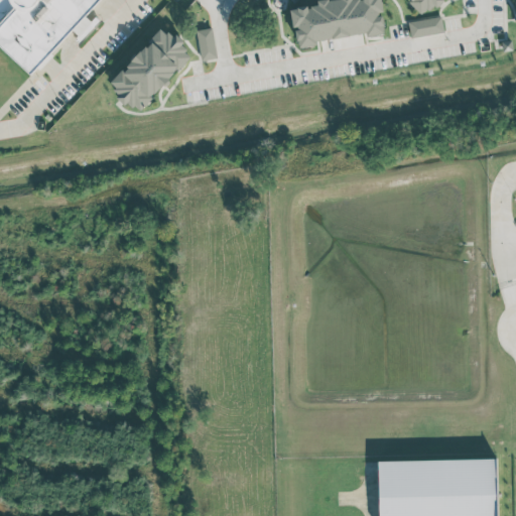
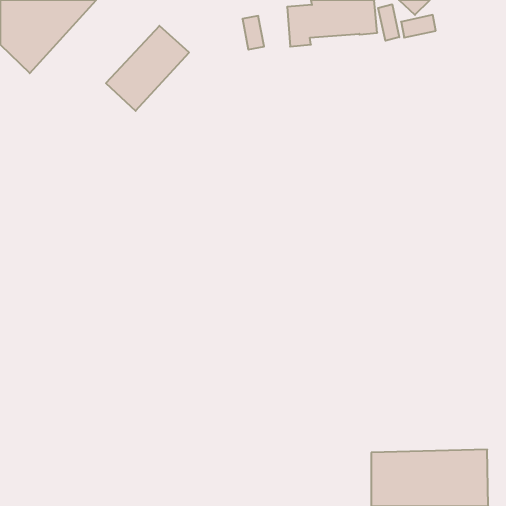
building: none -> [378,4,399,41]
building: [196,26,218,60] -> [242,16,264,50]

